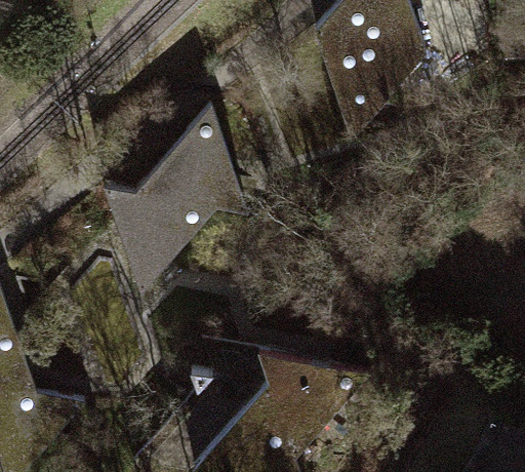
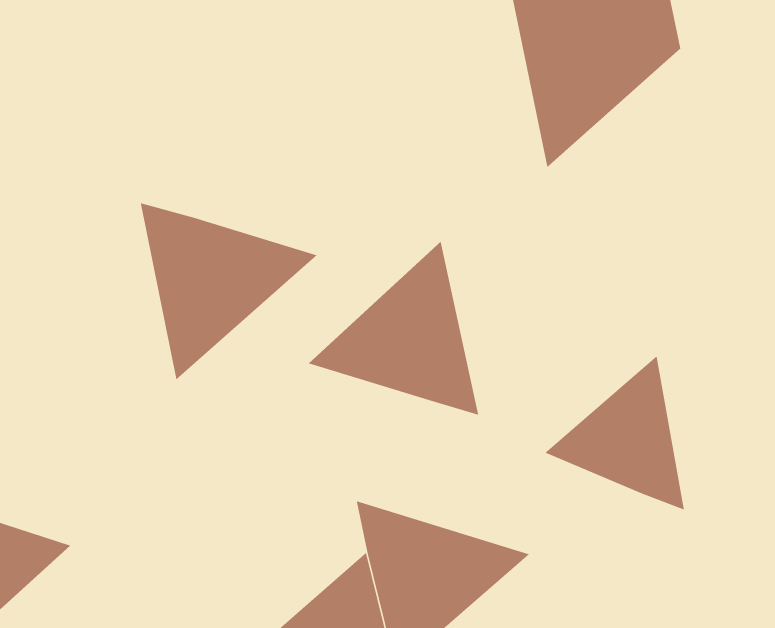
building: [137,108,246,212] -> [308,240,479,415]
building: none -> [544,355,685,510]

